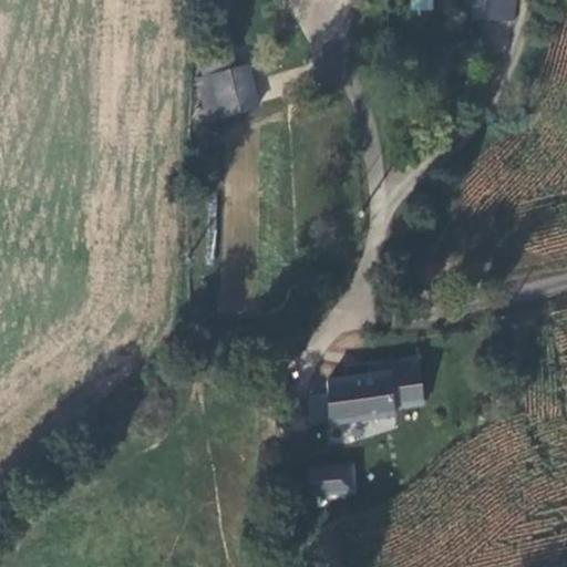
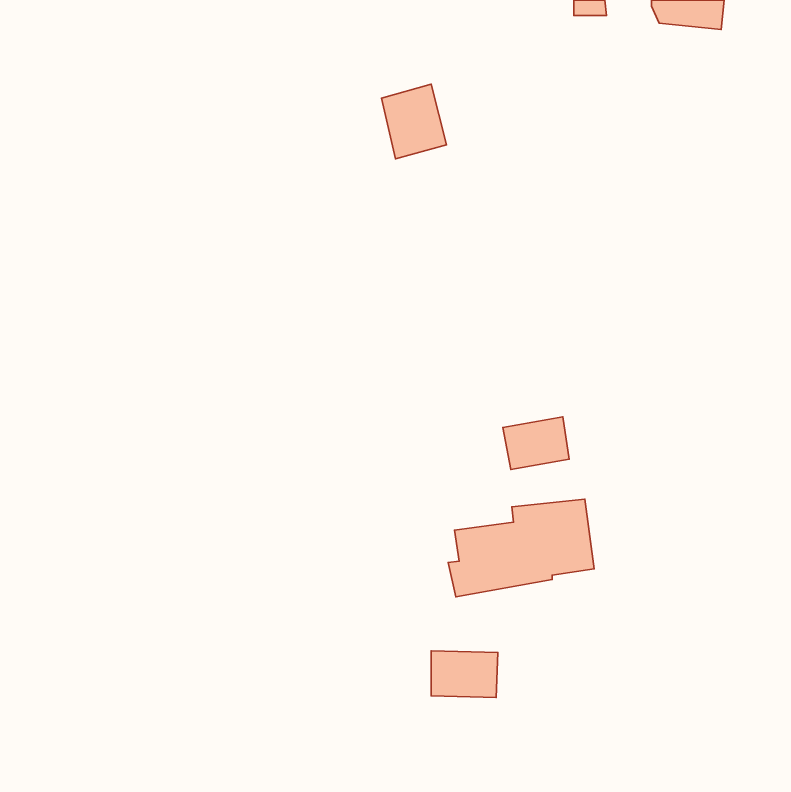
building: [205,64,251,117] -> [381,84,447,159]
building: none -> [503,417,569,469]

